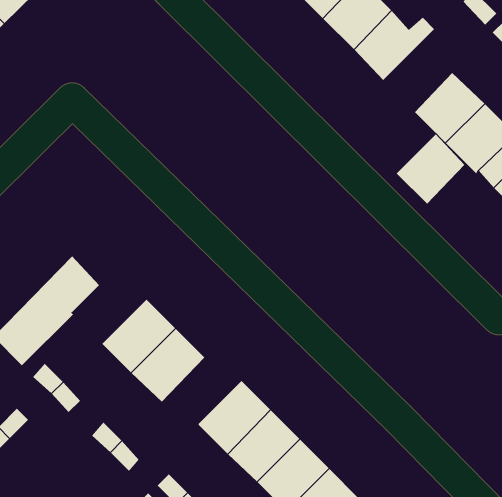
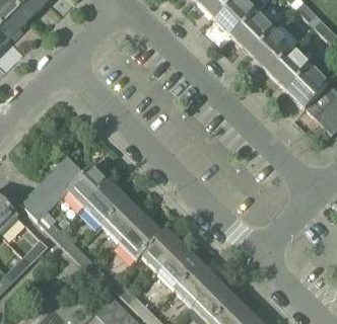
building: [396,134,465,205] -> [249,30,289,72]
building: none -> [66,164,110,208]
building: none -> [119,216,165,259]

